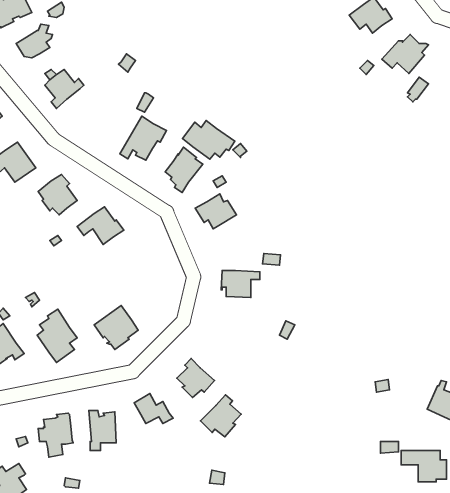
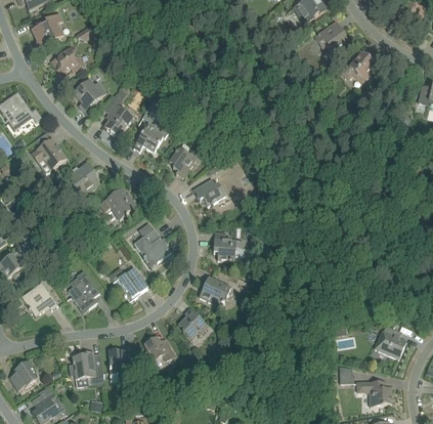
building: none -> [104,87,132,135]
building: [182,121,235,159] -> none
building: none -> [134,222,171,261]
building: none -> [199,277,229,306]
building: [201,395,241,437] -> none

